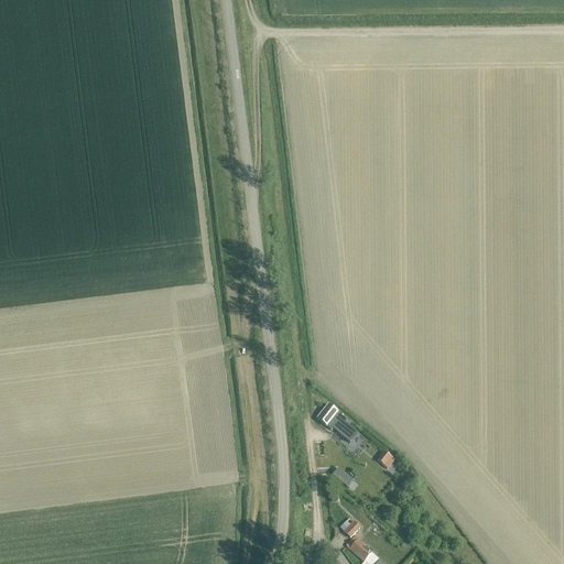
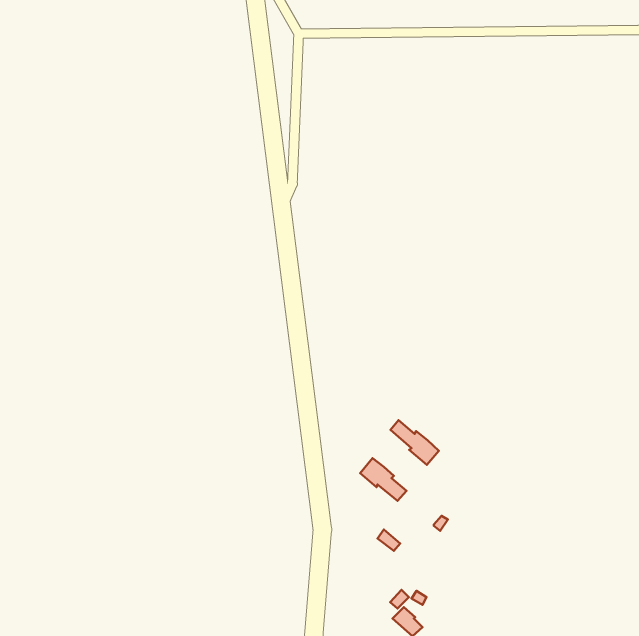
building: none -> [390,420,439,465]

